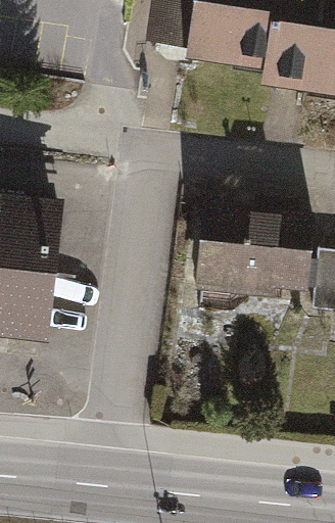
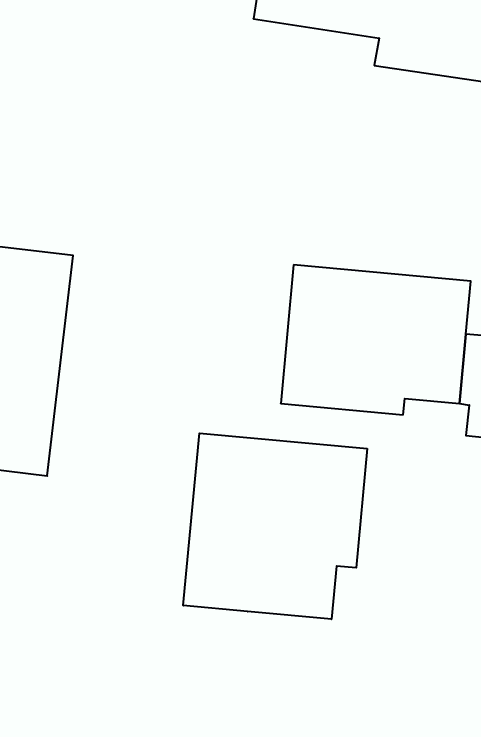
building: none -> [183,433,367,619]

